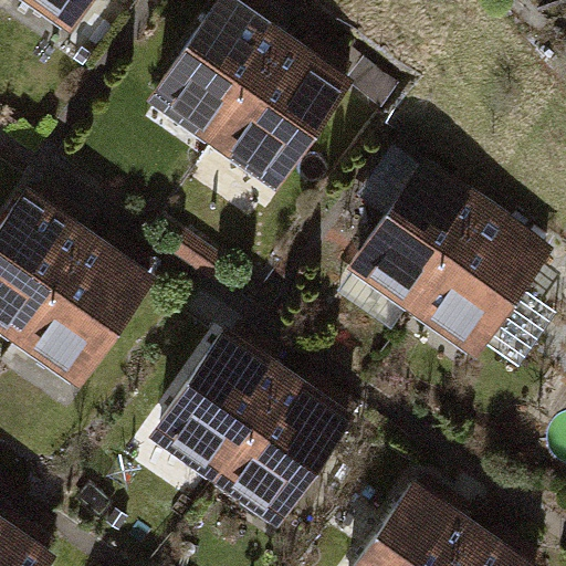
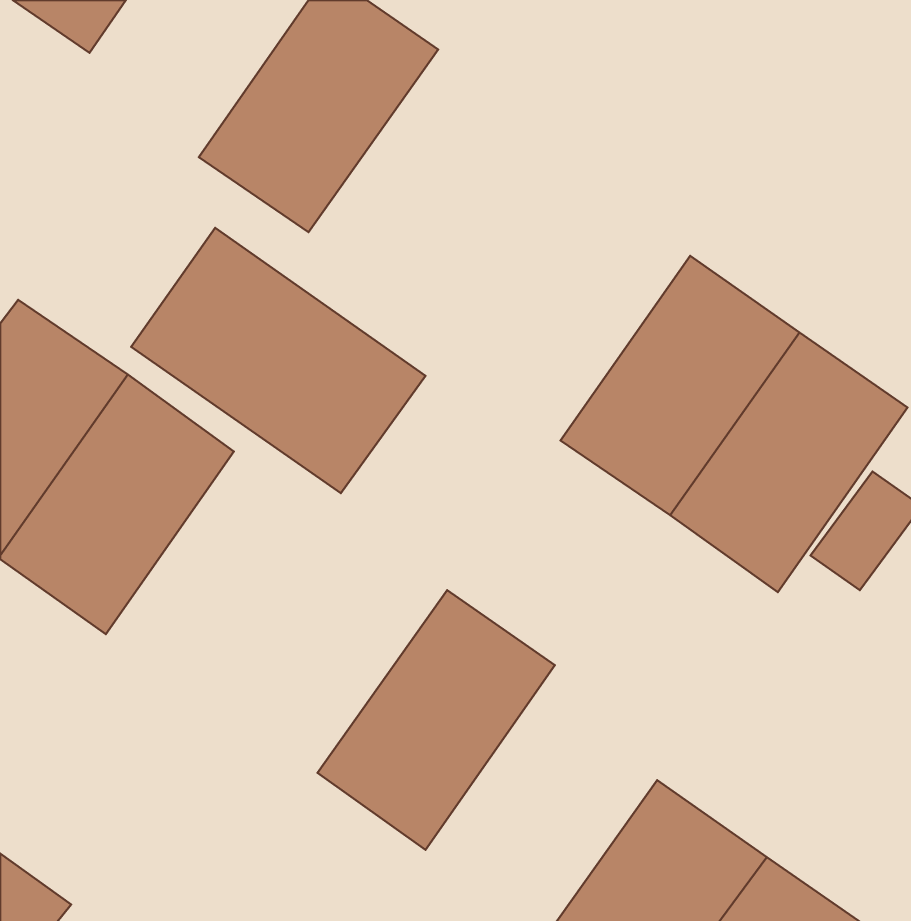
building: [200,38,344,195] -> none
building: none -> [131,228,426,493]
building: [139,318,284,475] -> none

